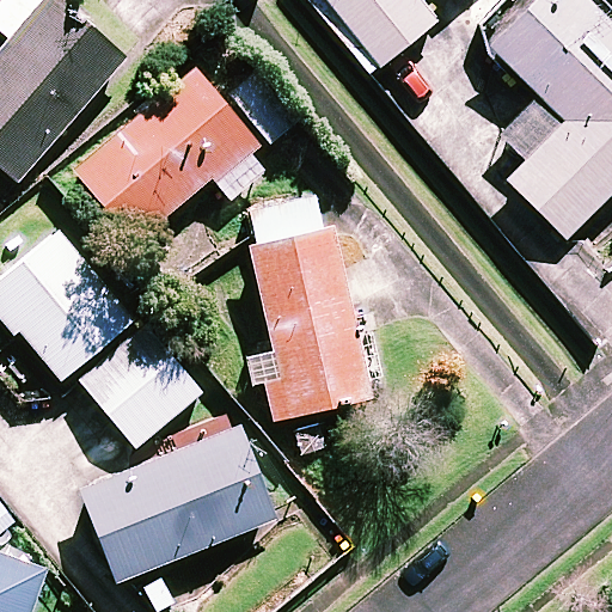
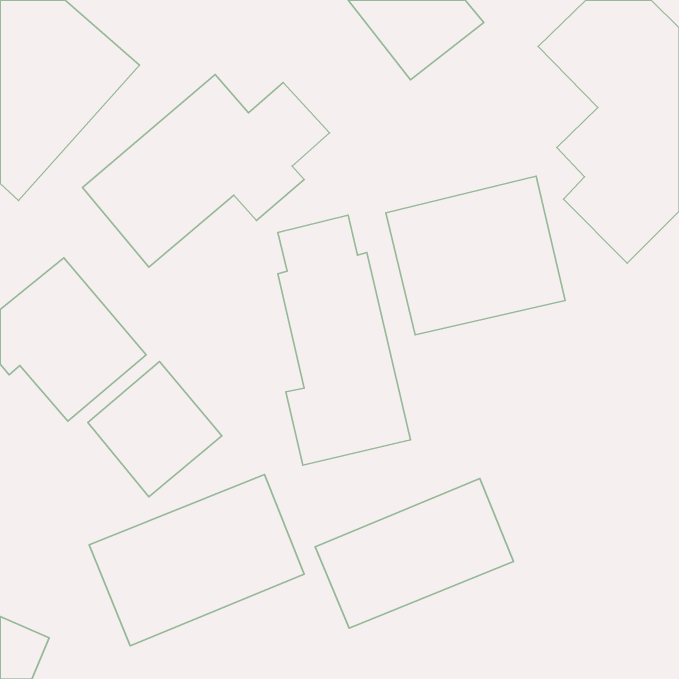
building: none -> [386,176,565,335]
building: none -> [315,479,514,628]

